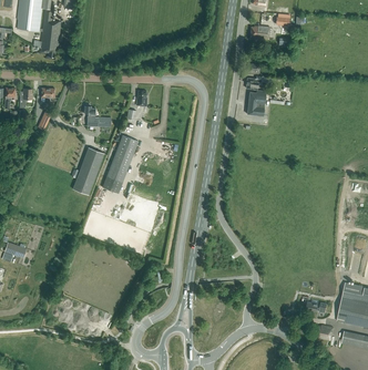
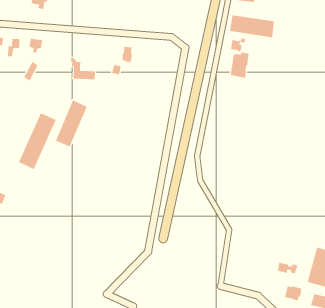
building: none -> [229,15,274,38]
building: [101,135,137,194] -> [18,112,57,170]

